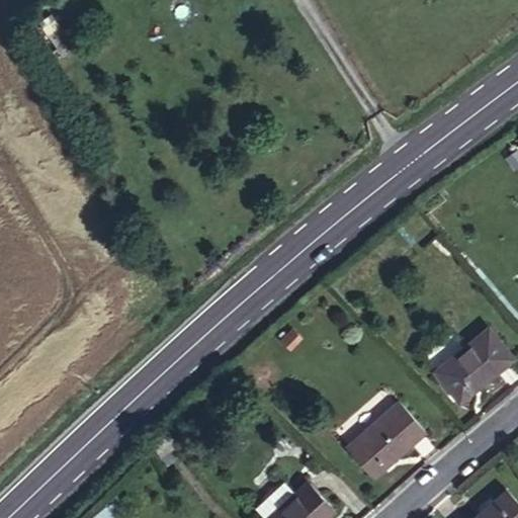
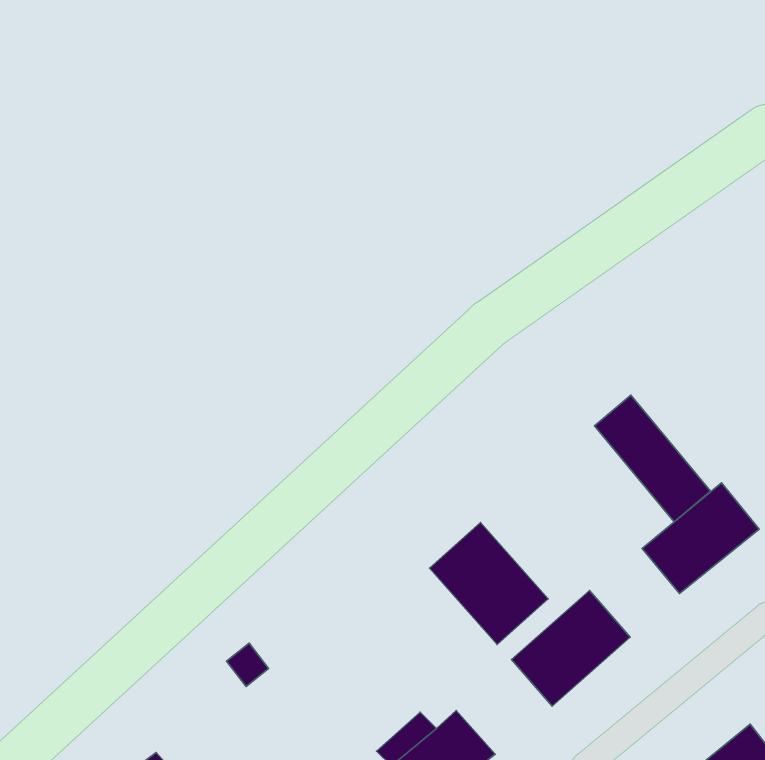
building: none -> [595,395,711,522]
building: none -> [429,522,548,645]

